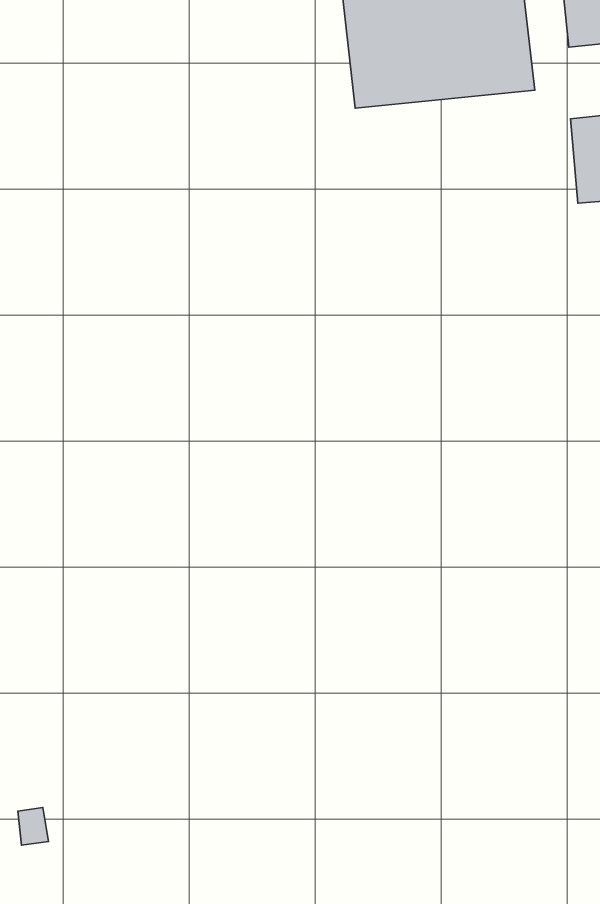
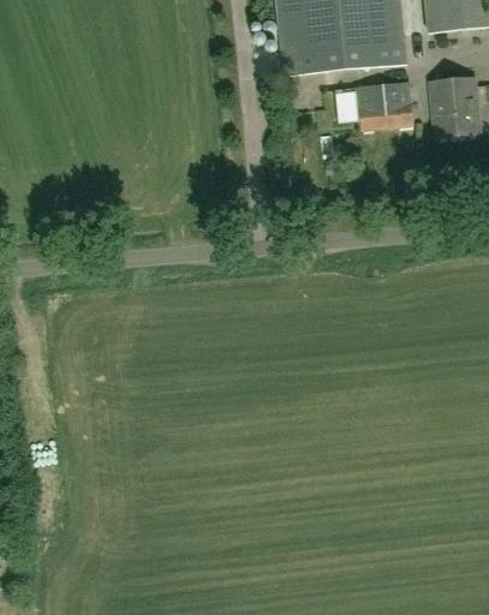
building: none -> [356,83,411,130]

